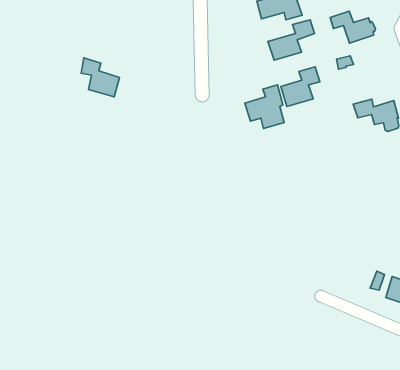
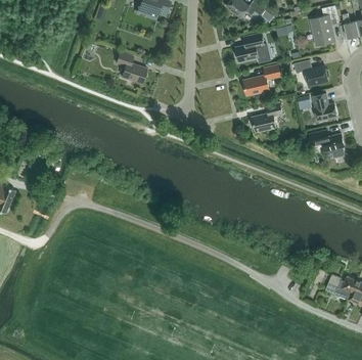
building: none -> [312,93,336,121]
building: [81,58,120,97] -> [116,51,146,84]
building: [245,85,284,129] -> none

